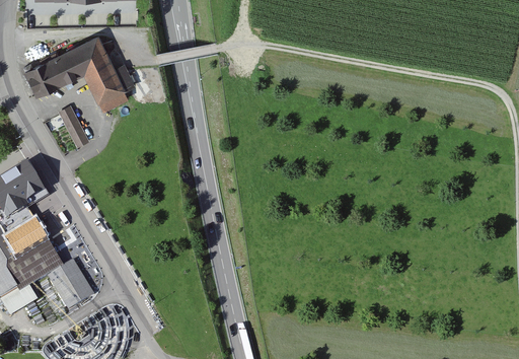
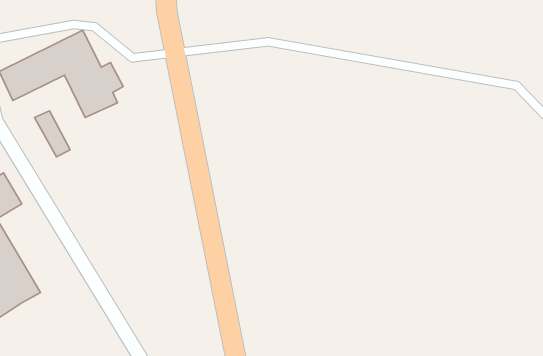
building: [47,262,93,313] -> none

